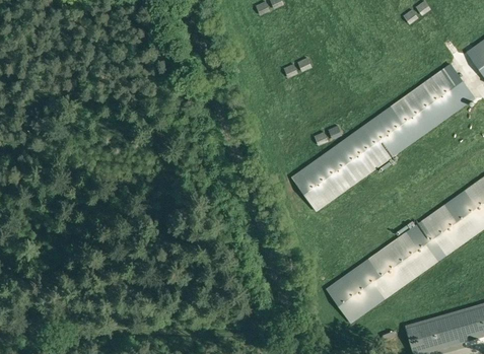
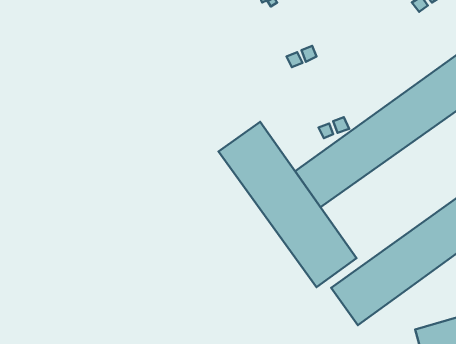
building: none -> [219,122,356,287]

